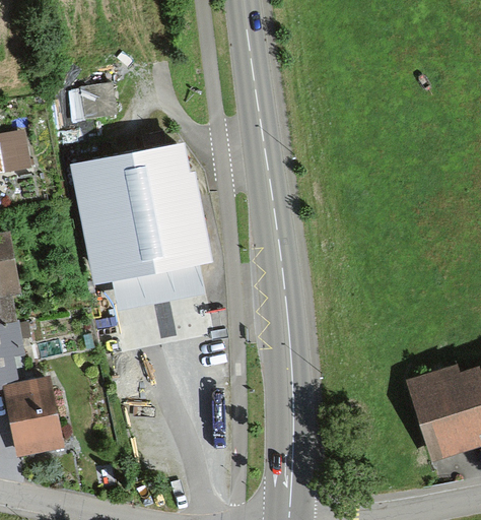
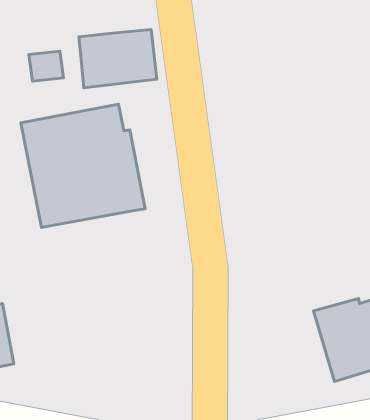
building: none -> [79,29,157,88]
building: [111,266,206,311] -> none

